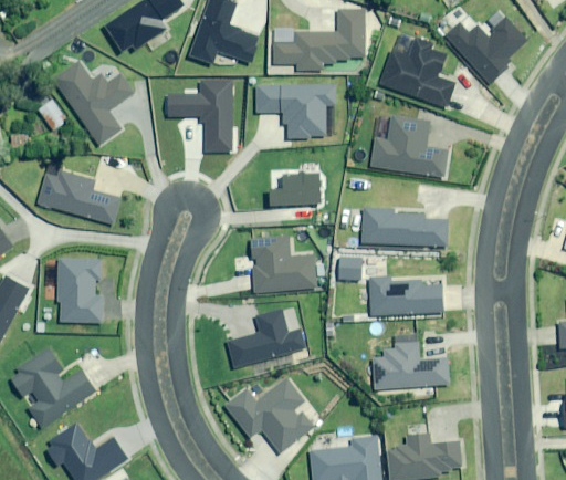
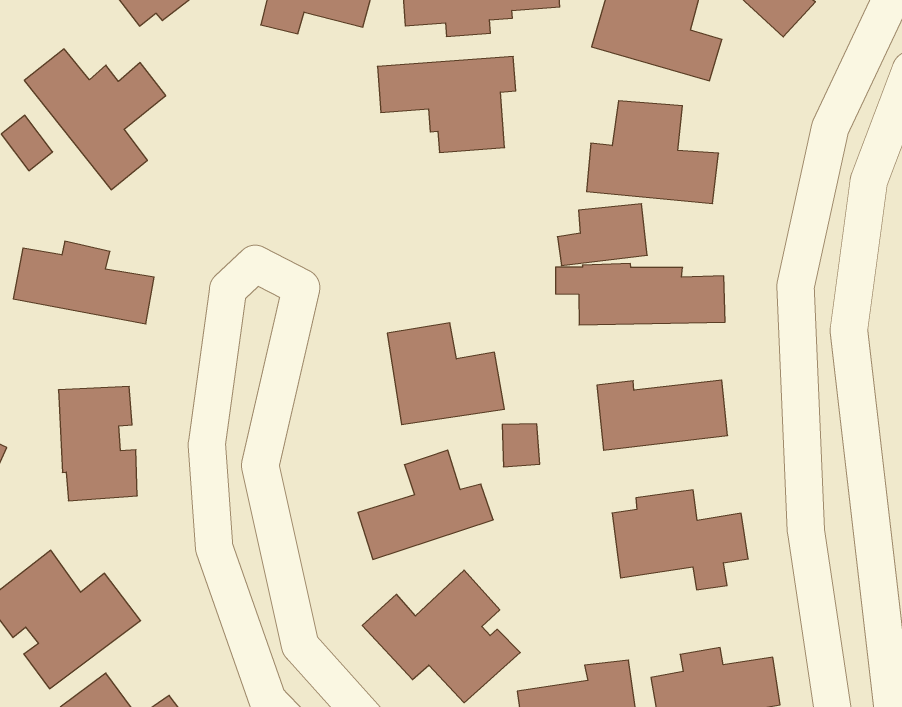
building: [166,79,230,152] -> none
building: [270,174,321,206] -> [557,204,647,265]
building: [339,255,360,280] -> [502,424,540,467]

